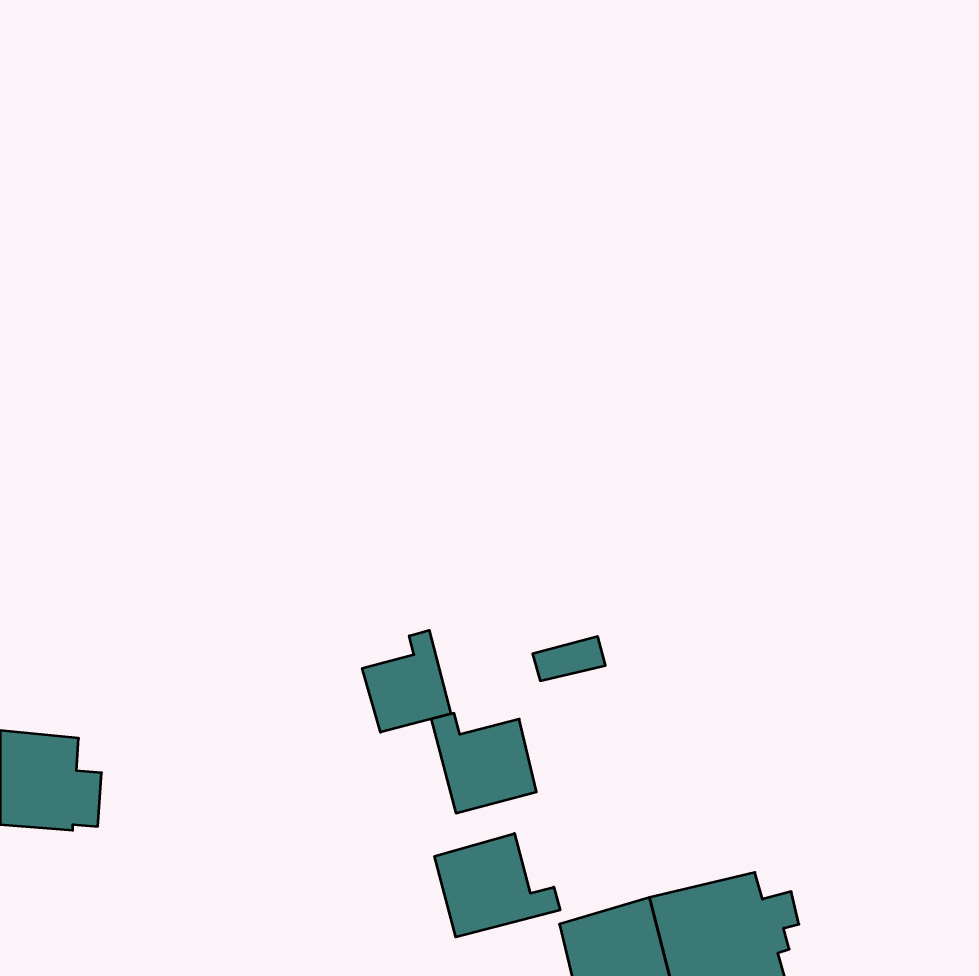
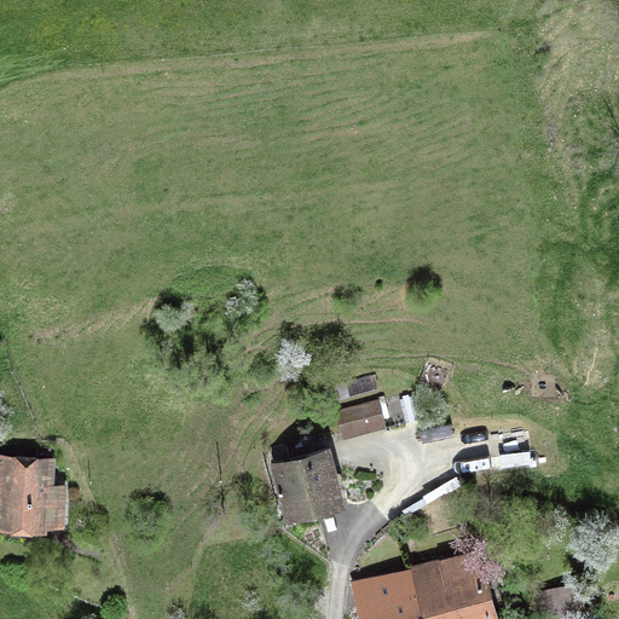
building: [362,630,451,732] -> none
building: [435,833,560,937] -> none

